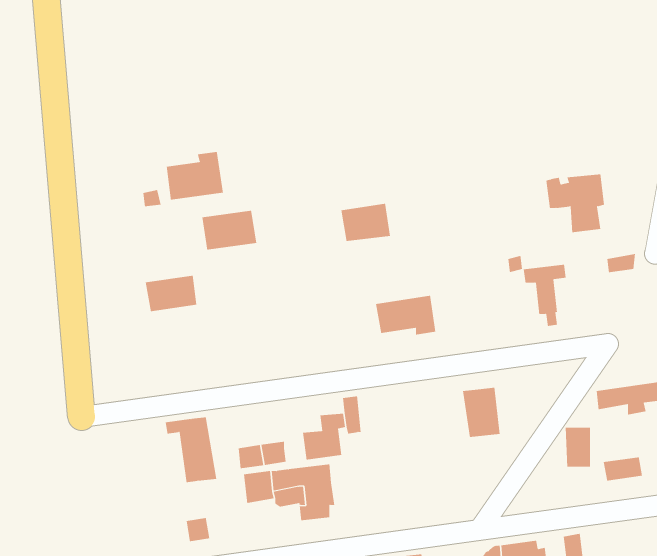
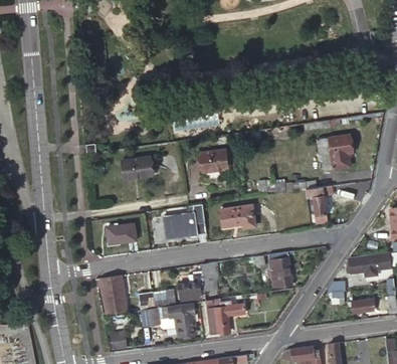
building: [166,151,223,201] -> none
building: [145,275,197,312] -> [106,224,136,245]
building: none -> [163,205,204,239]
building: none -> [206,299,245,334]

